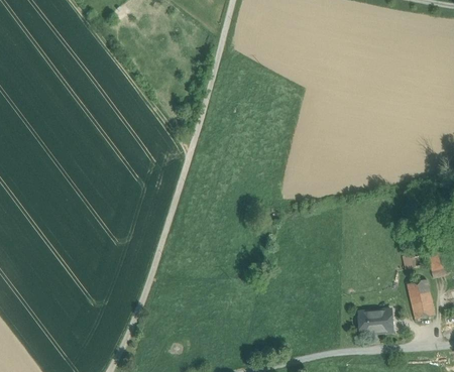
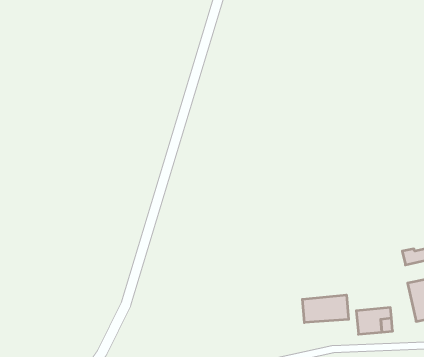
building: none -> [302,295,349,323]

